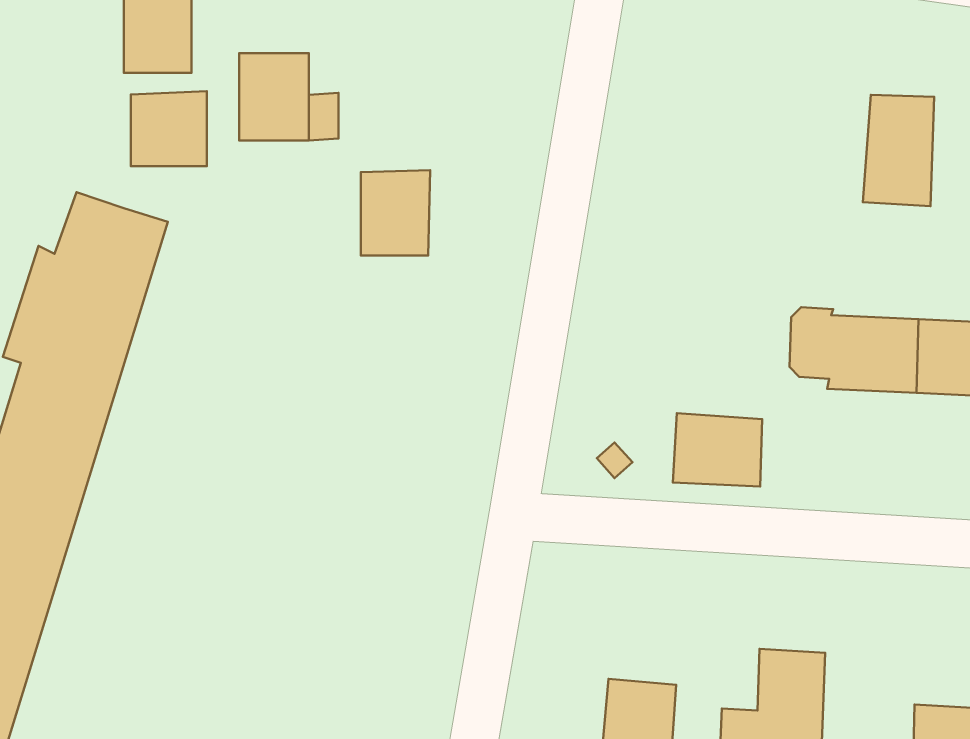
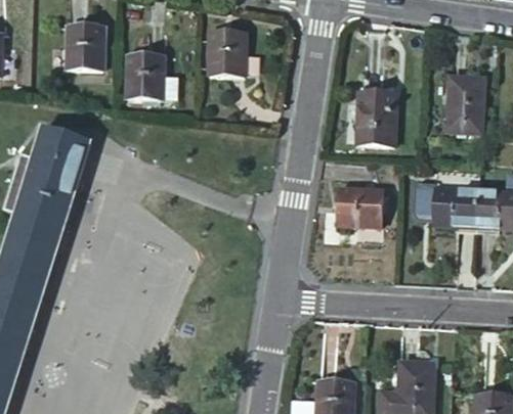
building: [131,91,207,166] -> none
building: none -> [366,93,405,148]
building: [361,170,430,256] -> [209,34,245,78]
building: [673,413,762,487] -> [337,190,383,228]

